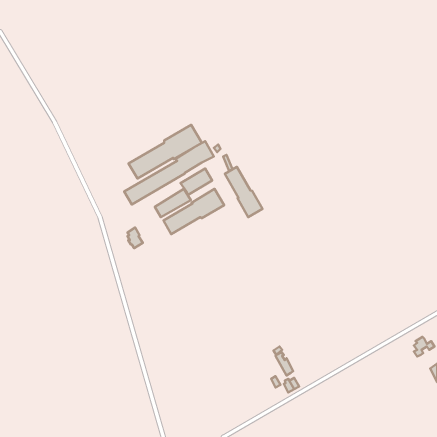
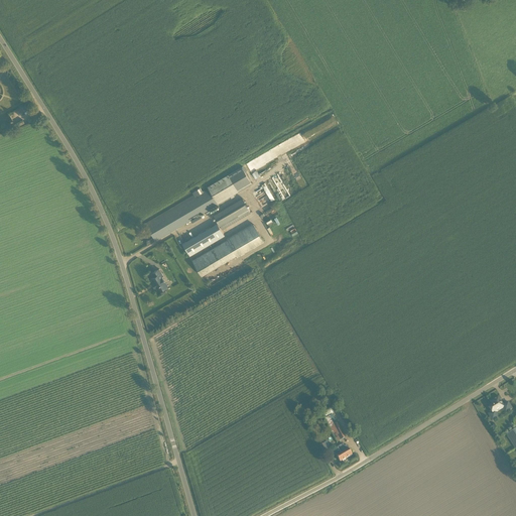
building: [128,125,202,179] -> none
building: [225,167,263,217] -> none

